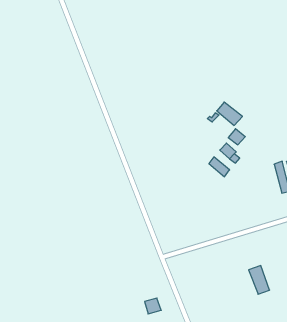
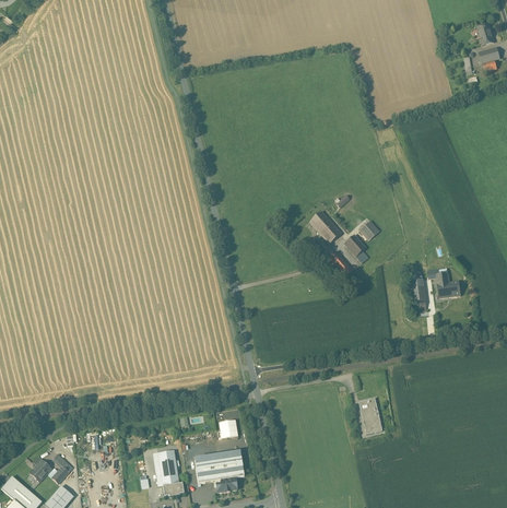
building: [217,102,242,125] -> [309,211,341,243]

